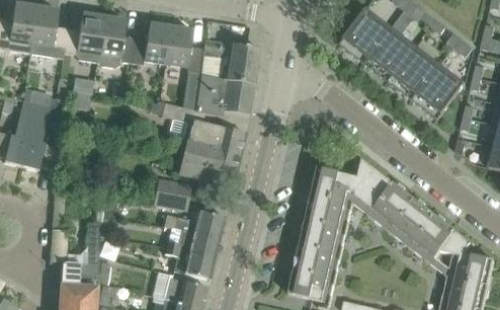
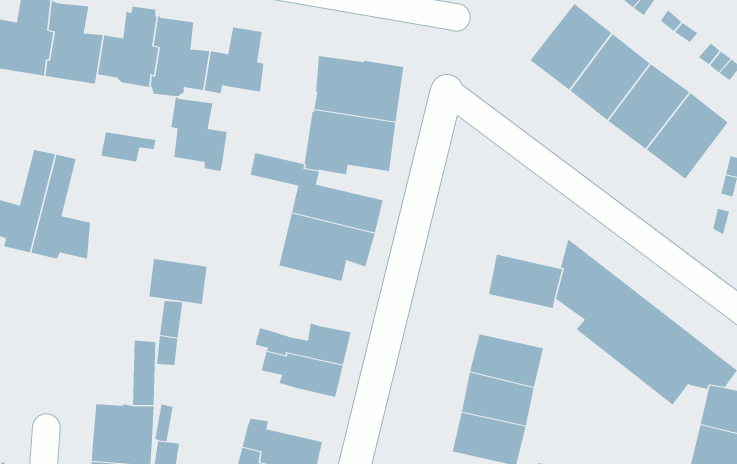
building: [165,24,201,72] -> [170,97,228,172]
building: [154,179,191,209] -> [149,258,207,305]
building: [306,191,353,226] -> none
building: [164,240,215,279] -> none

